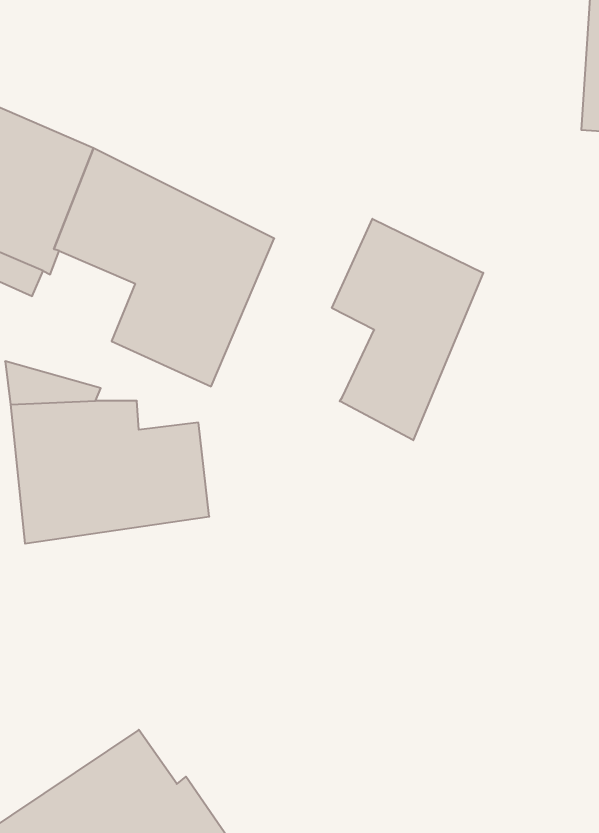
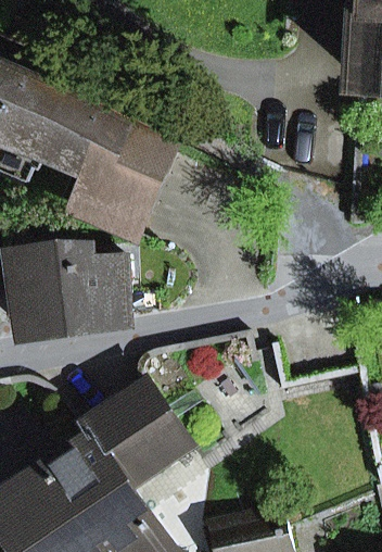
building: [332,219,483,440] -> none
building: none -> [79,382,188,476]

